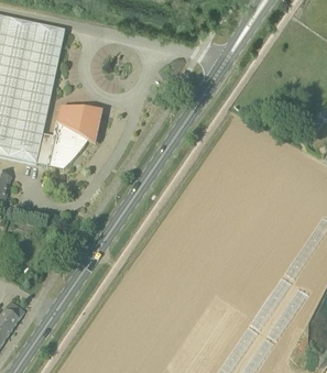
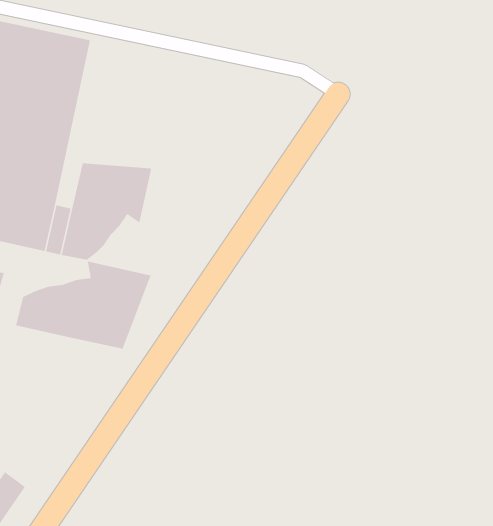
building: none -> [15,261,152,349]

